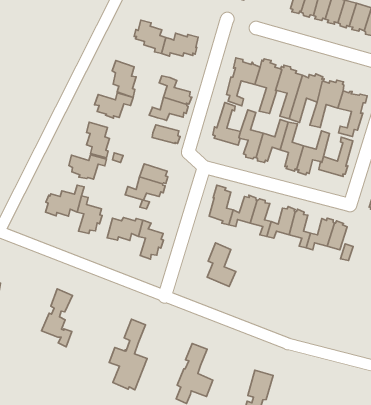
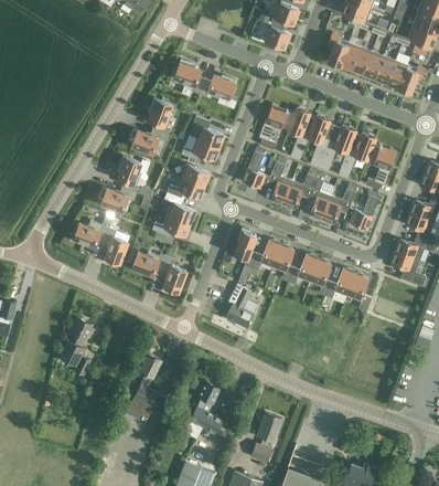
building: none -> [168,176,206,197]

